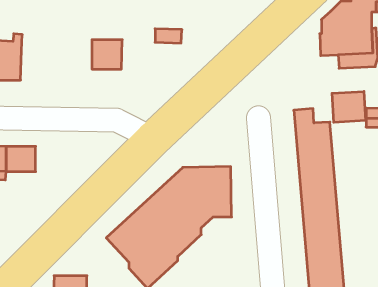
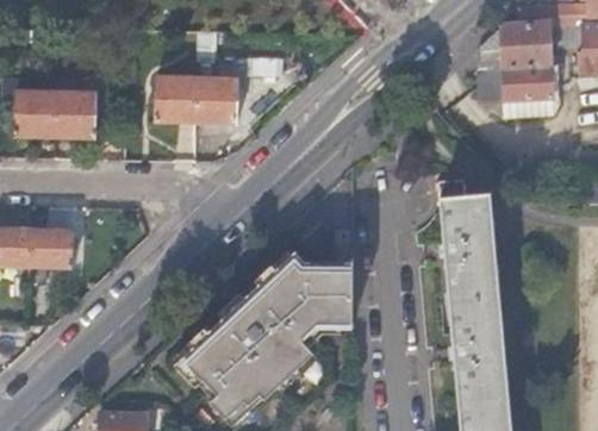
building: none -> [195,77,237,120]
building: none -> [52,93,96,136]
building: [332,91,366,122] -> none

